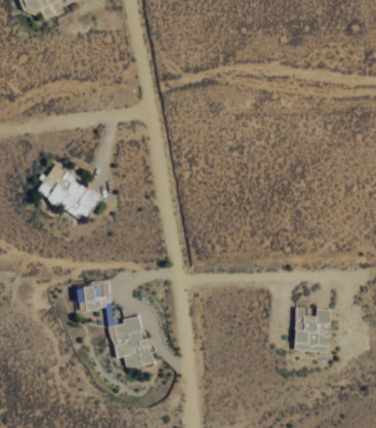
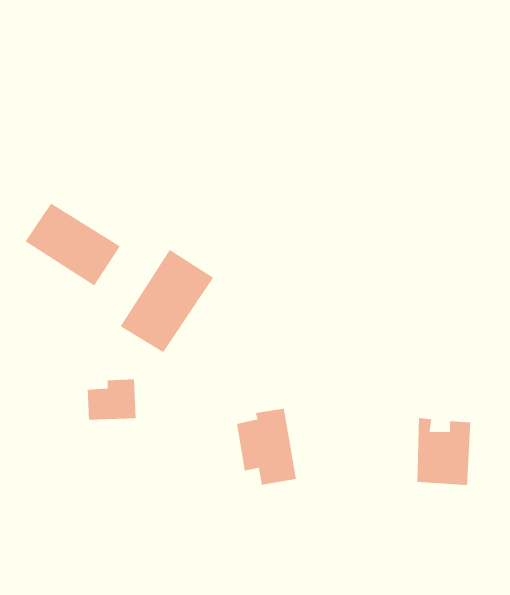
building: none -> [119,249,214,353]
building: [109,316,149,367] -> [236,408,297,486]

